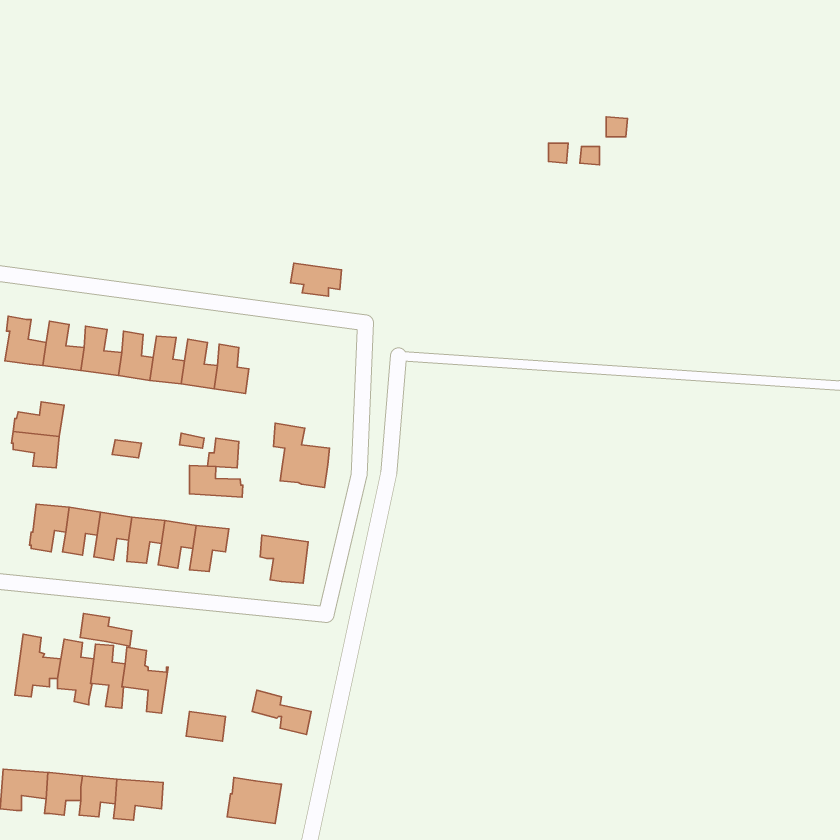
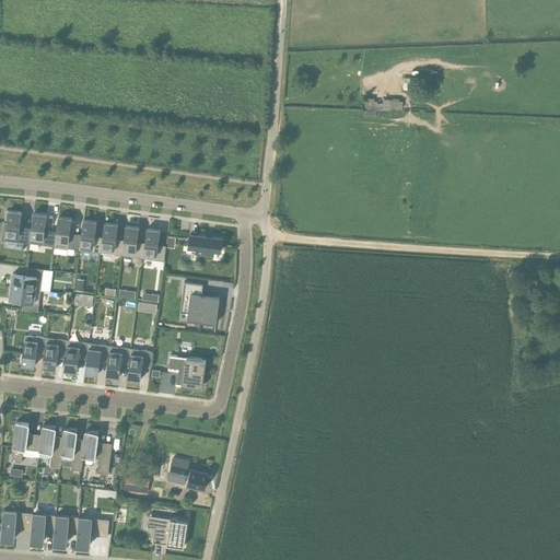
building: [291,263,342,296] -> [187,235,221,257]
building: [189,466,243,497] -> none
building: [80,613,132,646] -> none

